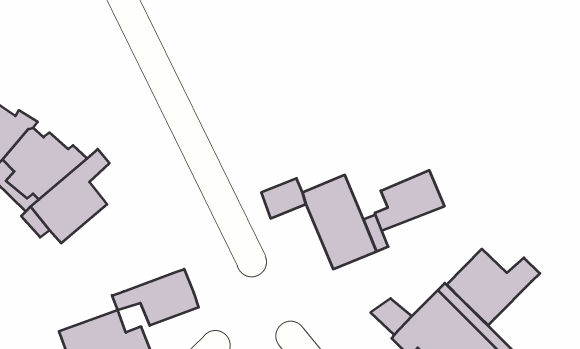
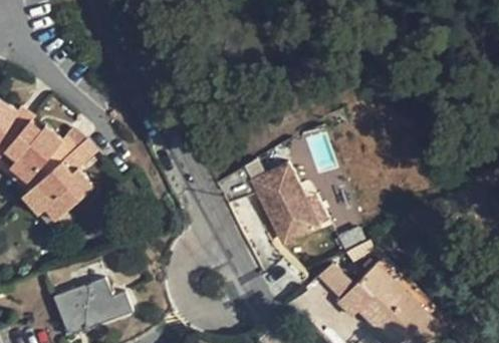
building: [375,170,444,231] -> none
building: [447,249,540,325] -> none
building: [112,269,199,326] -> none

